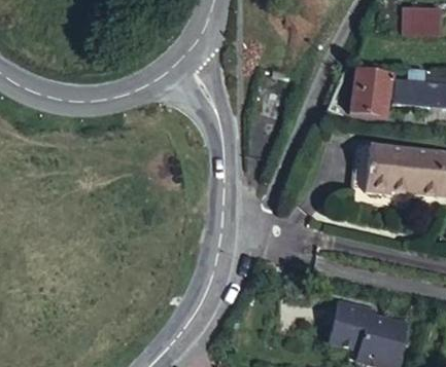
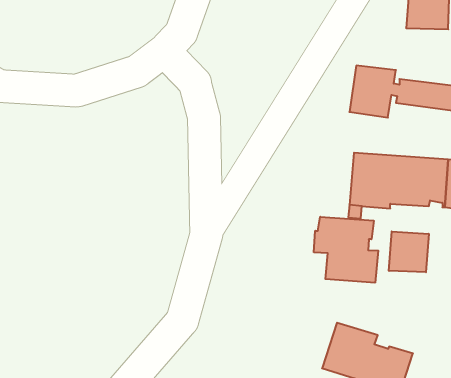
building: none -> [314,217,378,283]
building: none -> [389,231,429,272]

